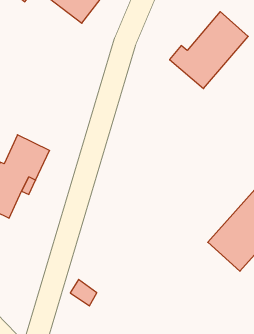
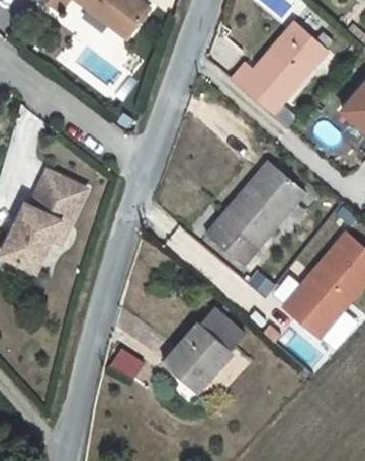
building: none -> [208,161,305,267]
building: none -> [163,313,239,392]

